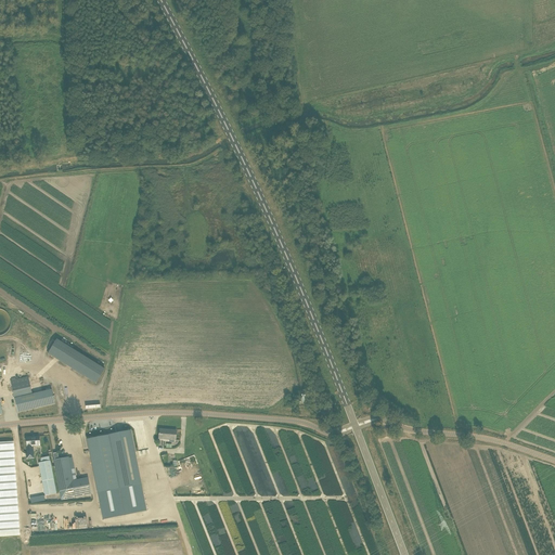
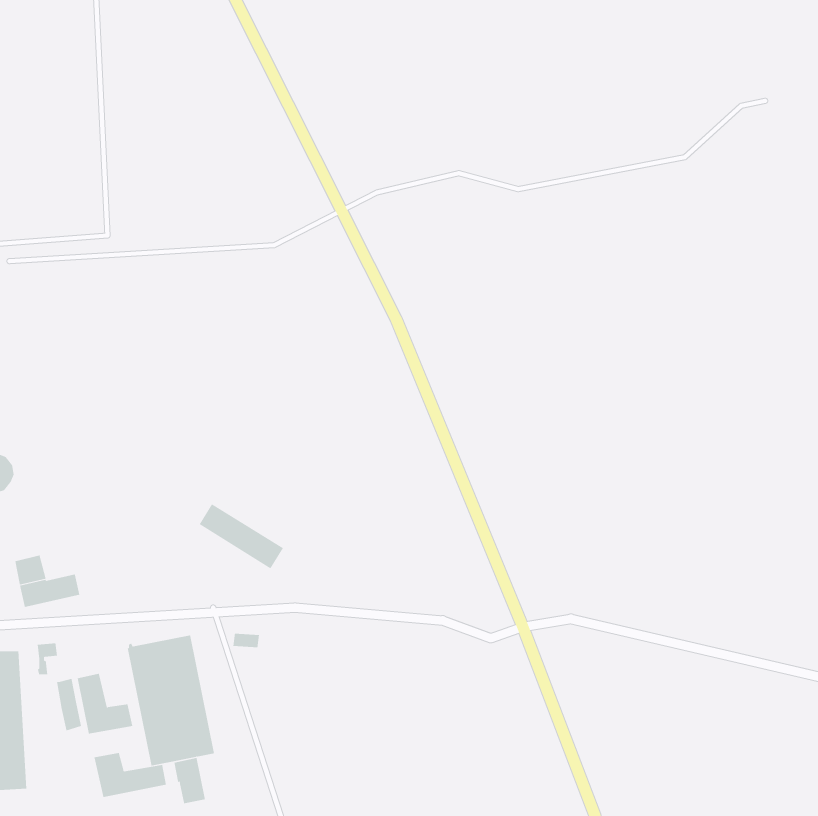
building: [47,337,104,382] -> [199,503,284,569]
building: none -> [94,752,166,798]
building: none -> [174,757,205,804]

